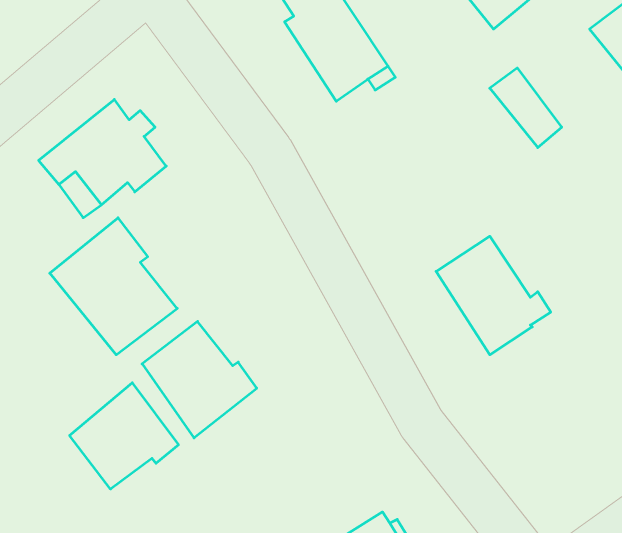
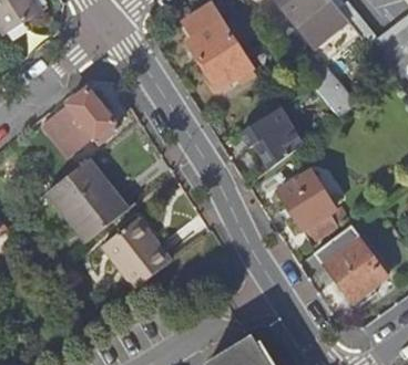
building: none -> [239,106,304,168]
building: none -> [317,226,386,299]
building: [70,383,178,489] -> none

